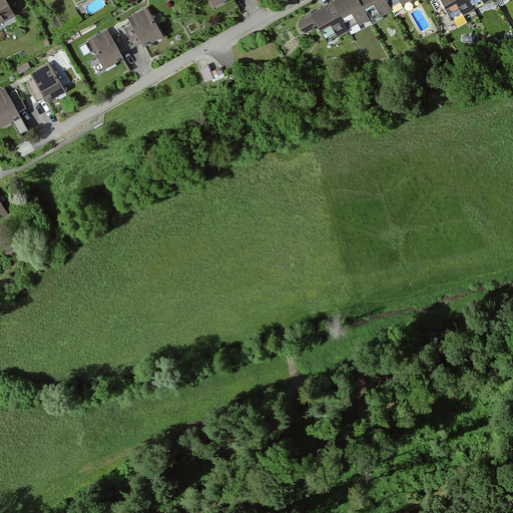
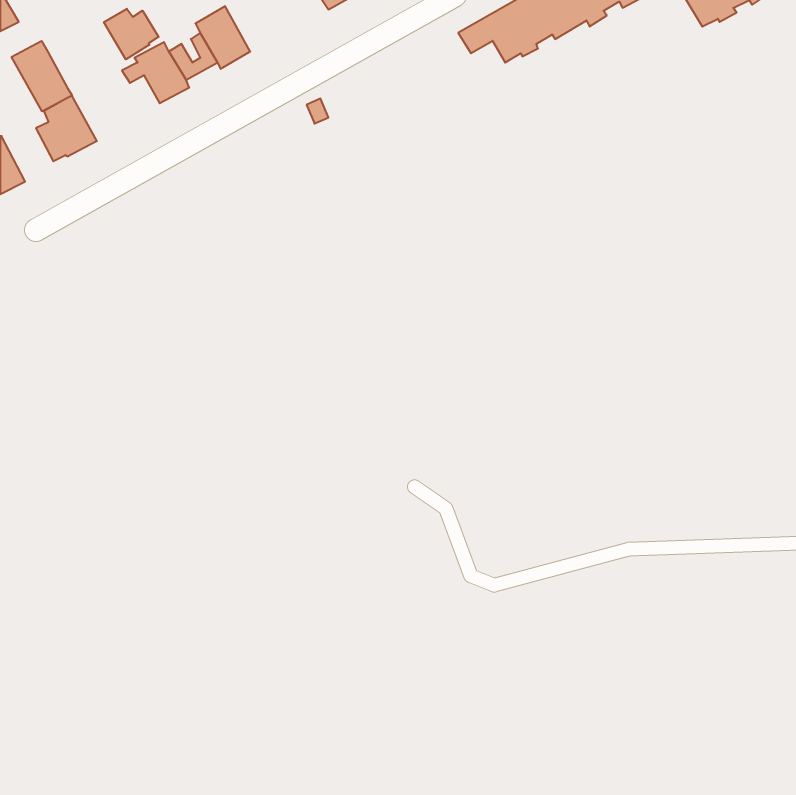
building: none -> [104,9,159,59]
building: none -> [12,41,72,111]

